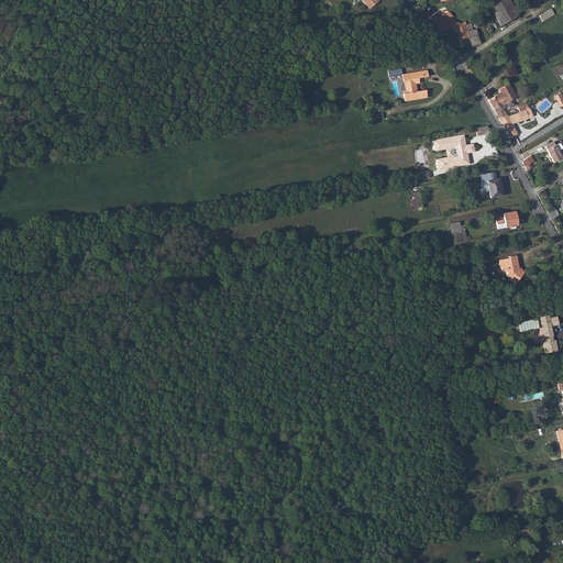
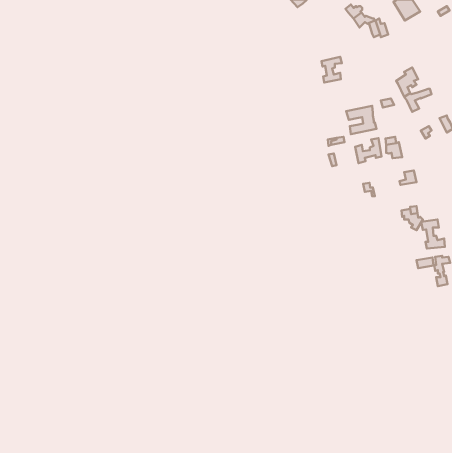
building: none -> [355,138,382,163]
building: none -> [421,220,445,249]

